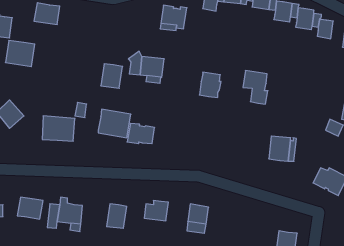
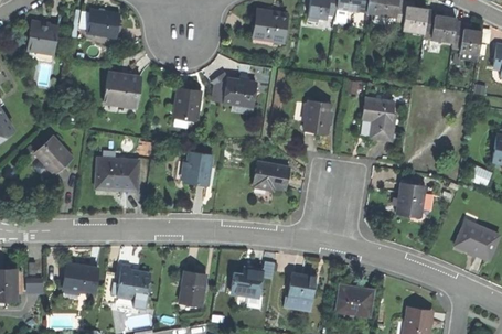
building: [5,41,35,67] -> [104,73,142,107]
building: [127,123,155,144] -> [254,162,290,188]
building: none -> [335,284,373,314]

